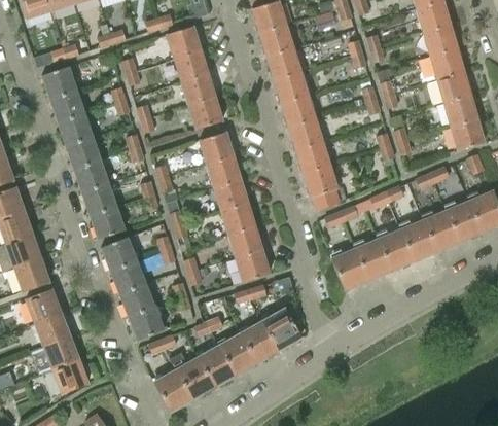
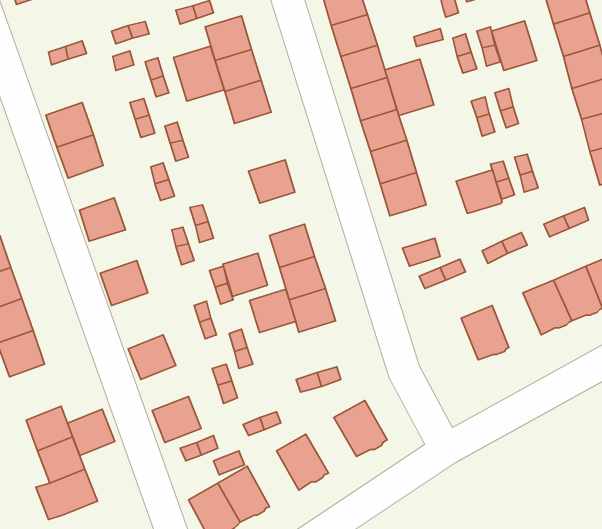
building: none -> [492,21,537,71]
building: none -> [174,46,224,101]
building: none -> [385,59,434,116]
building: [42,66,76,99] -> none
building: [188,97,222,129] -> none
building: [66,136,100,169] -> none
building: [207,155,240,187] -> [223,253,268,296]
building: [303,165,336,197] -> [456,170,502,213]
building: [81,183,116,215] -> none
building: [378,229,414,270] -> none
building: [101,237,136,271] -> none
building: [331,248,367,288] -> none
building: [236,250,270,282] -> [250,289,296,333]
building: [119,283,154,316] -> none
building: [26,289,61,323] -> [67,409,115,455]
building: [241,321,278,362] -> none
building: [198,346,236,387] -> none

